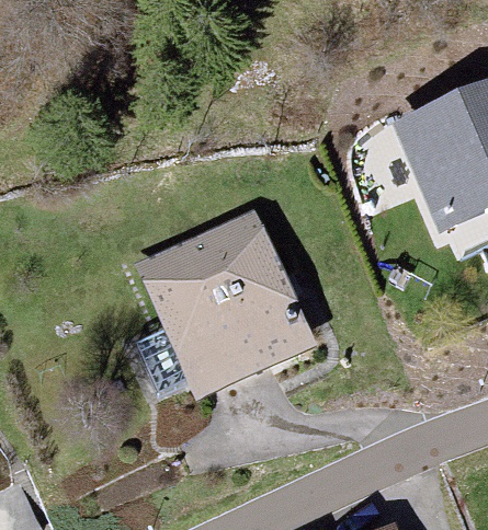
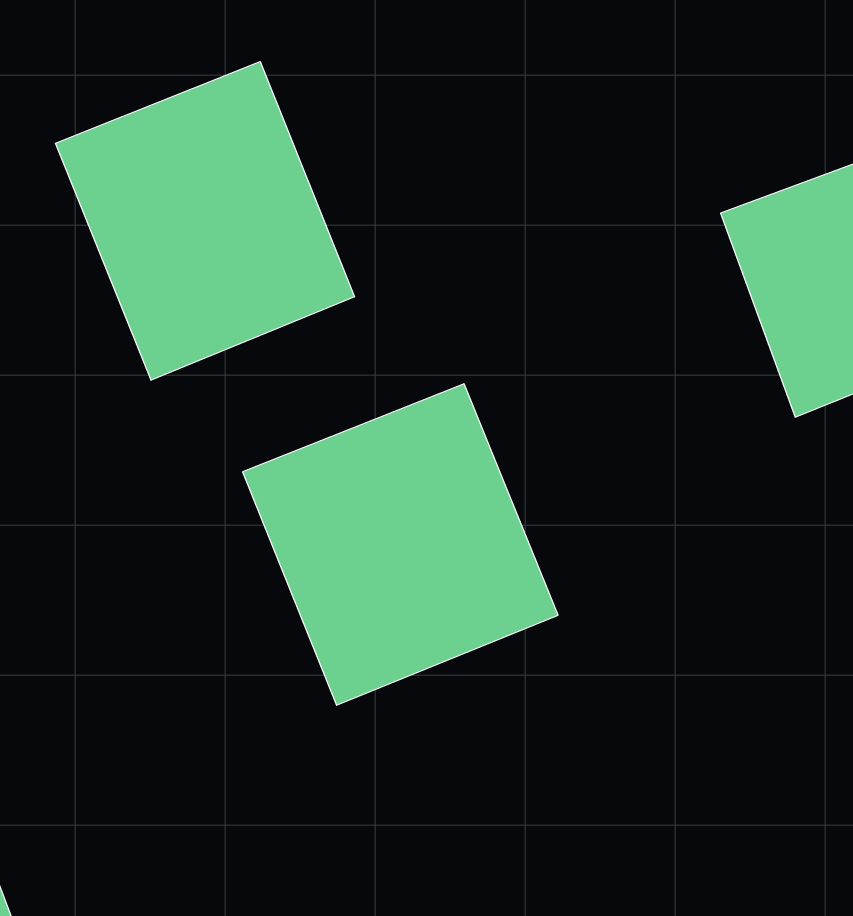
building: none -> [56,62,354,380]

